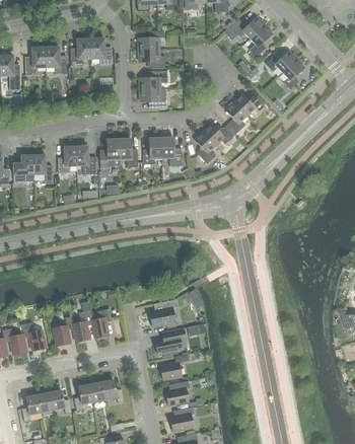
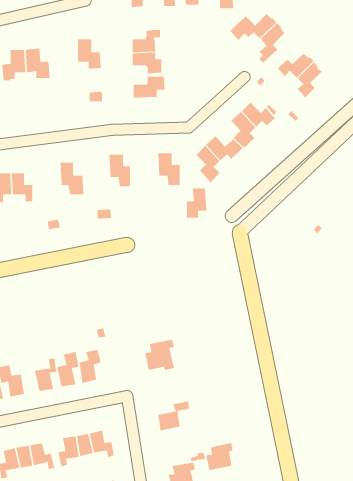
building: [70,38,90,65] -> none
building: [139,88,165,107] -> none
building: [143,137,161,163] -> [186,188,207,218]
building: [99,138,119,167] -> none
building: [57,145,76,172] -> none
building: [154,327,186,356] -> none
building: [164,380,189,404] -> [205,443,233,471]

